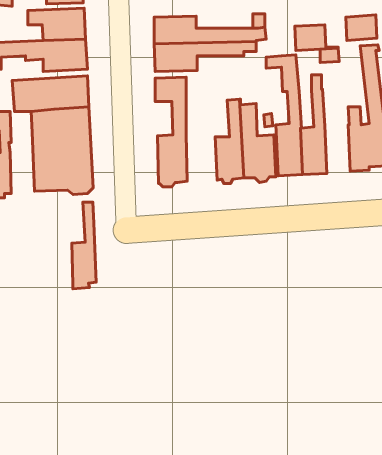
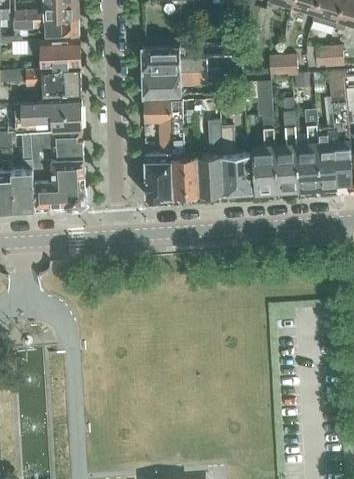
building: none -> [171,103,199,200]
building: none -> [296,113,319,190]
building: [72,202,96,289] -> [12,134,34,212]

